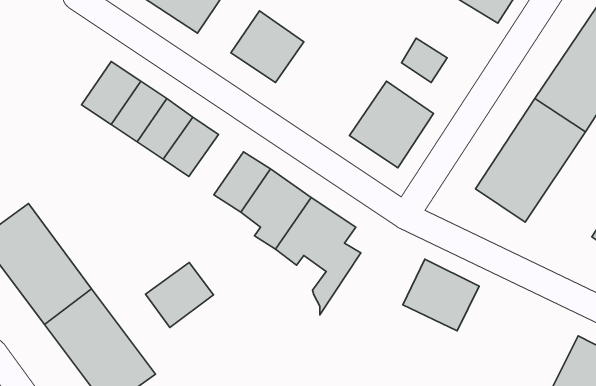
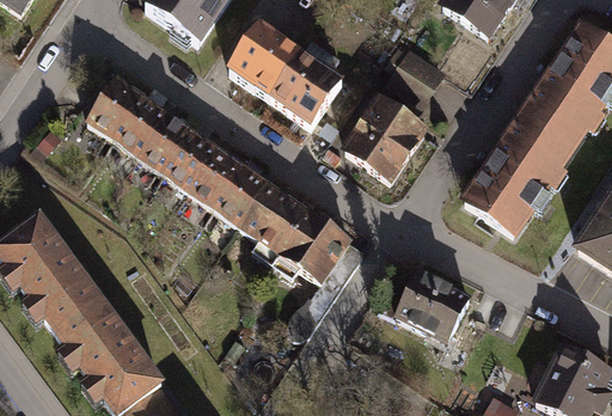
building: none -> [273,56,343,126]
building: none -> [189,146,241,204]
building: [146,263,213,328] -> none

